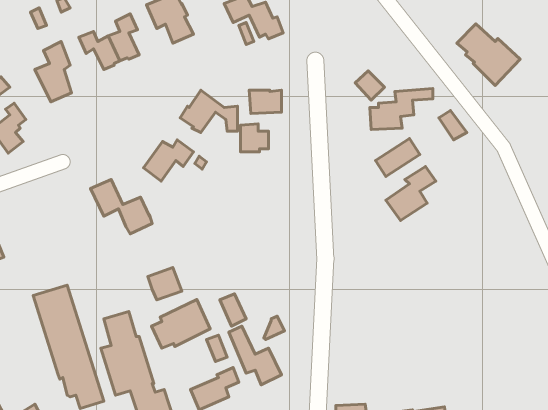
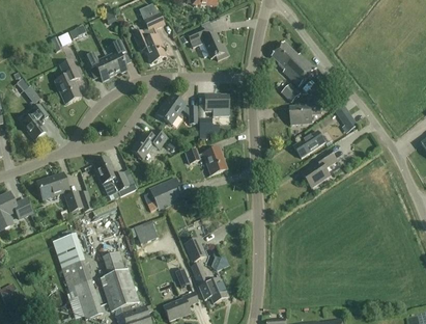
building: [457,24,520,86] -> [272,42,316,85]
building: none -> [187,146,227,176]
building: none -> [37,173,92,212]
building: [151,300,210,348] -> [144,177,186,211]

